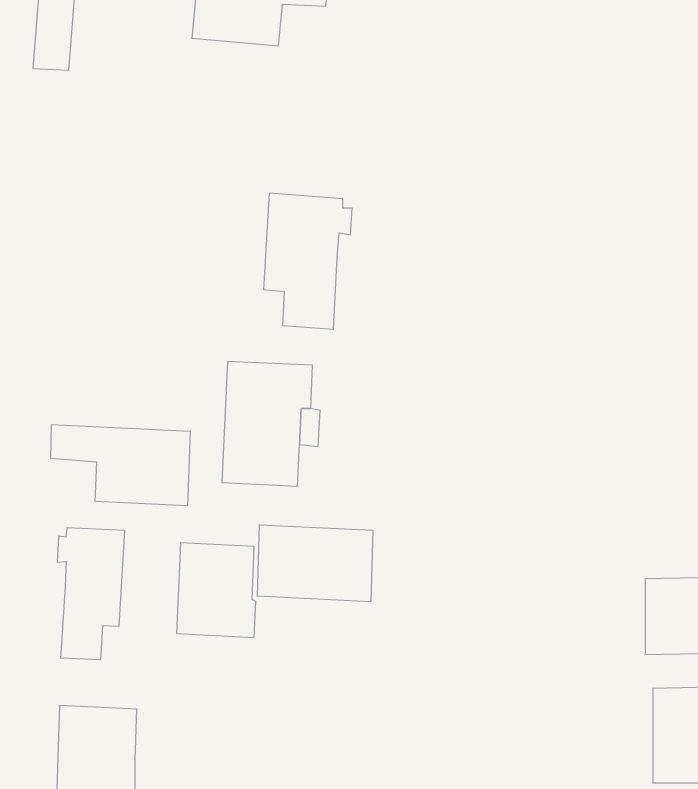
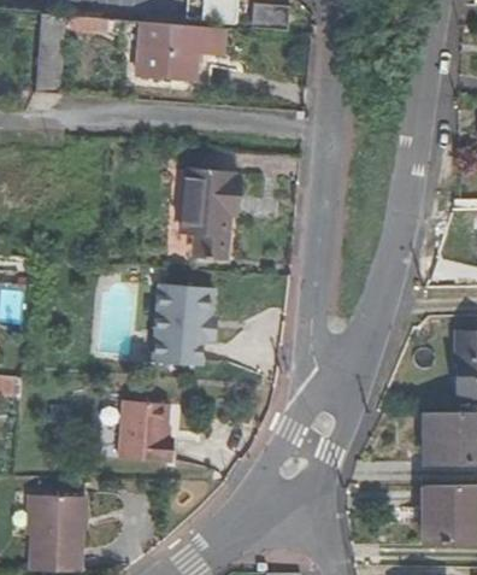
building: [51,425,190,506] -> none
building: [257,525,373,602] -> none
building: [58,528,125,660] -> none

